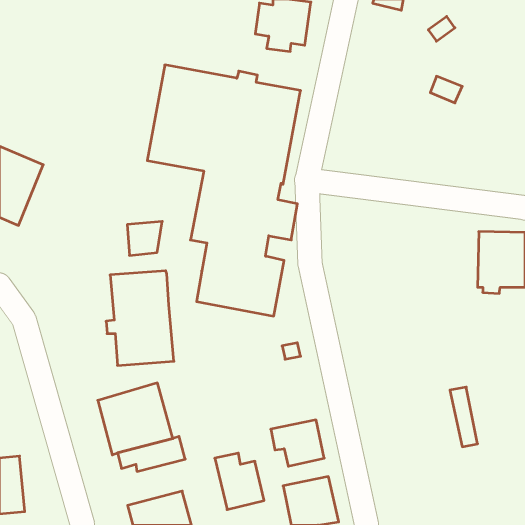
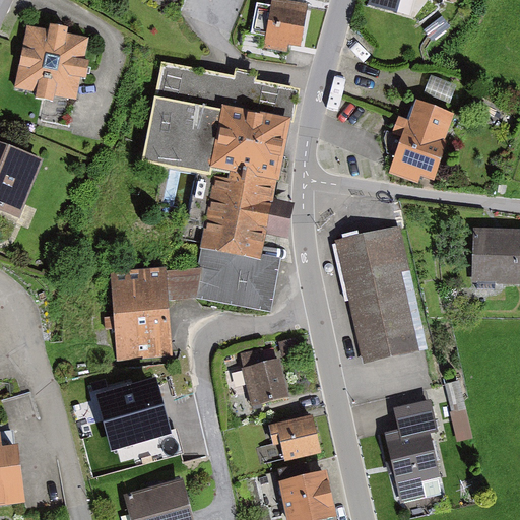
building: none -> [14,23,88,101]
building: none -> [388,99,455,182]
building: [127,221,162,255] -> [165,267,199,301]
building: none -> [335,225,417,362]
building: none -> [384,400,443,503]
building: [215,453,264,510] -> [240,349,288,405]

